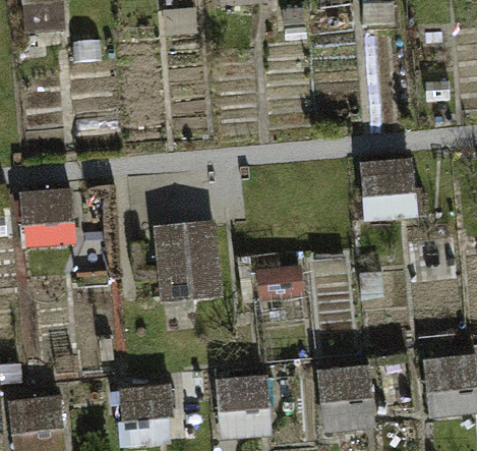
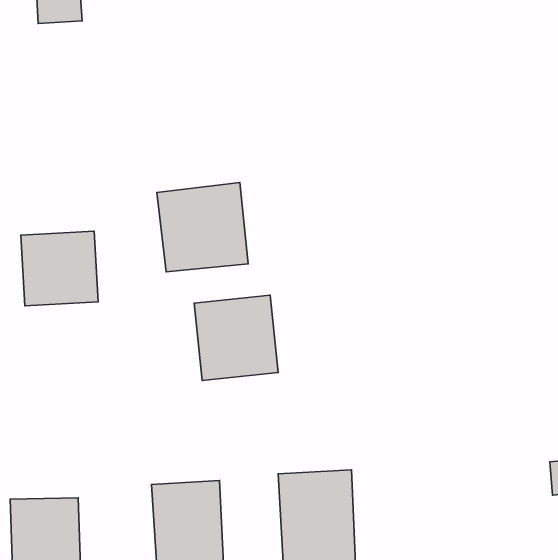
building: none -> [157,183,248,272]
building: [362,155,416,217] -> none
building: [316,358,373,430] -> none

